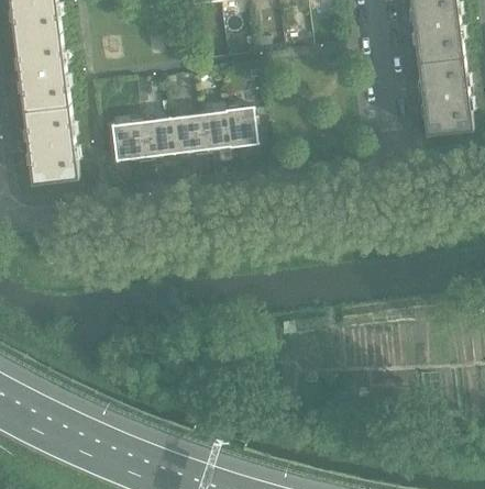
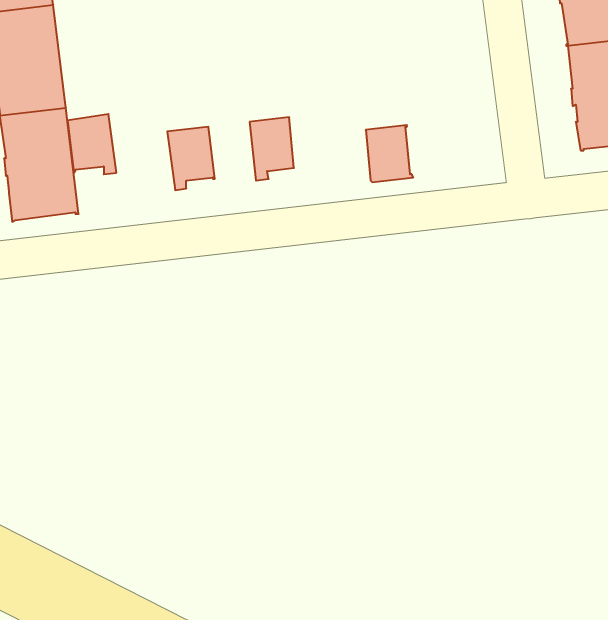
building: [224,108,257,147] -> [366,125,413,182]
building: [168,114,201,156] -> none
building: [111,121,145,163] -> [67,114,116,174]

